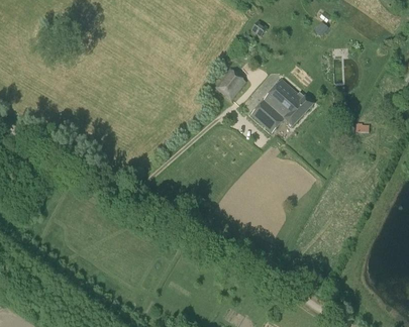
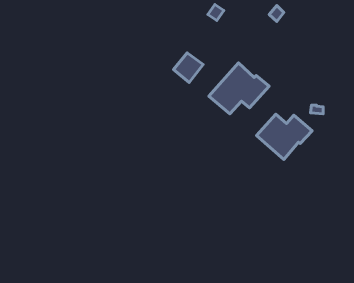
building: none -> [257,114,312,159]

